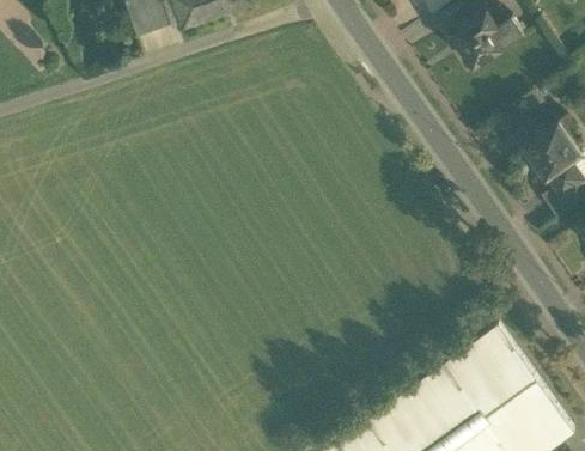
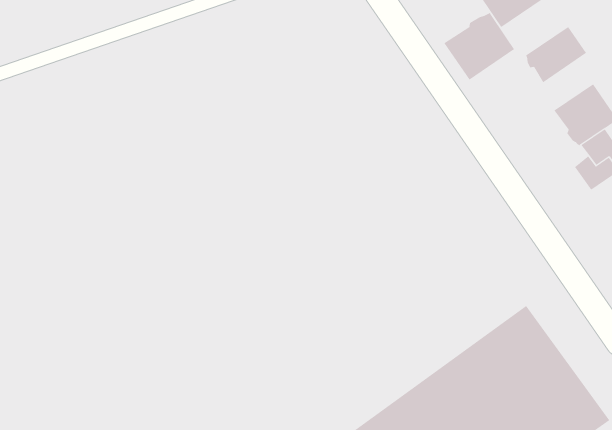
building: none -> [444,12,515,80]
building: none -> [525,26,587,83]

